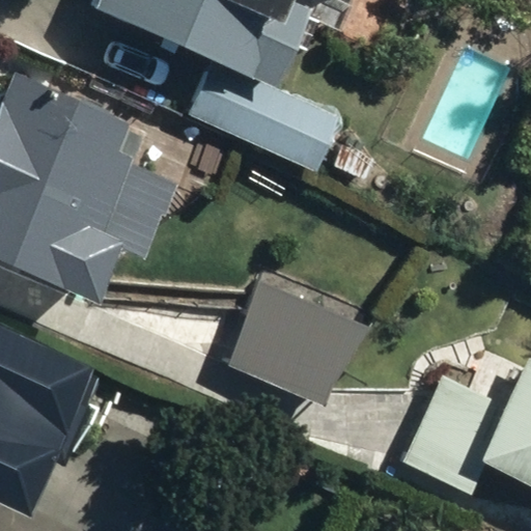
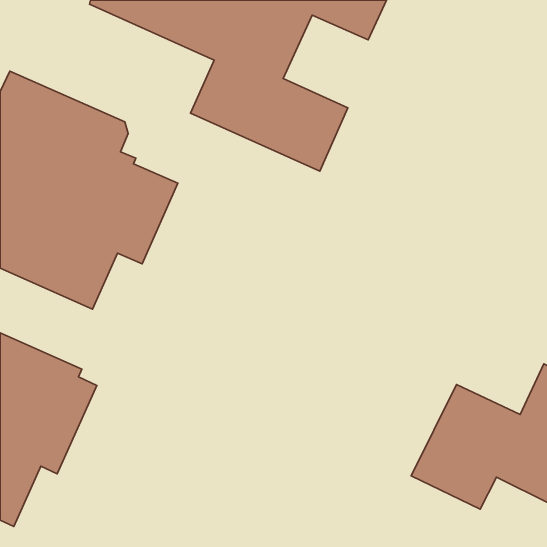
building: [211,279,359,441] -> none

